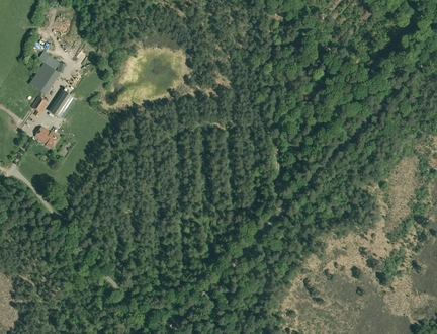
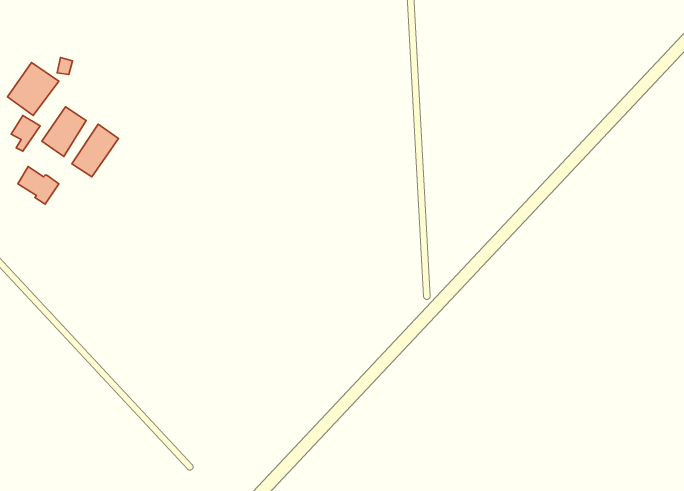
building: none -> [72,124,118,177]

